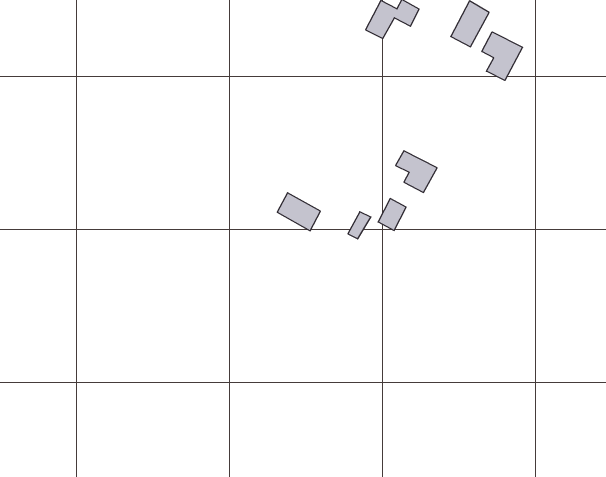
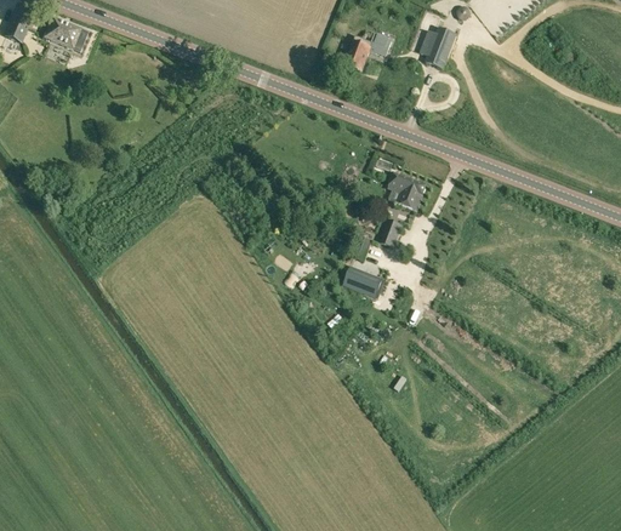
building: [482,32,523,80] -> none
building: [277,193,320,231] -> [342,266,382,298]

